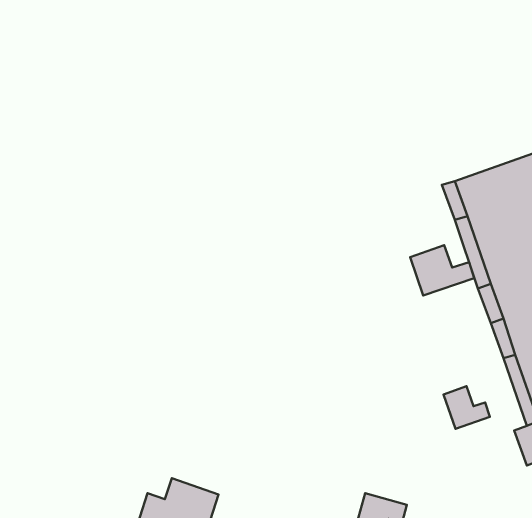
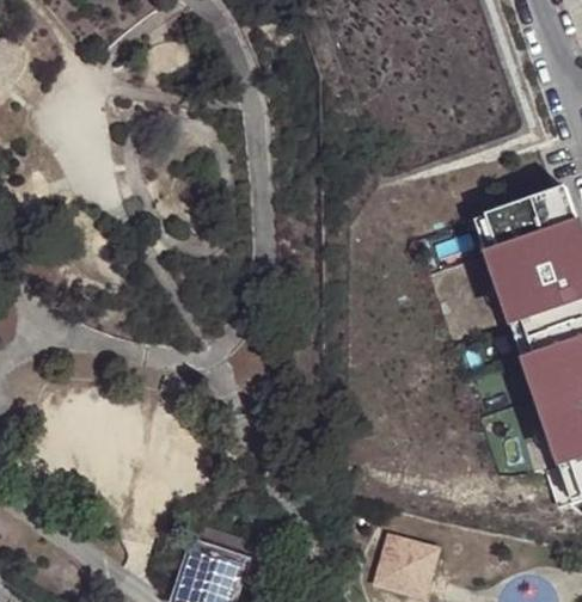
building: [410,245,474,295] -> none
building: [444,386,490,429] -> none

